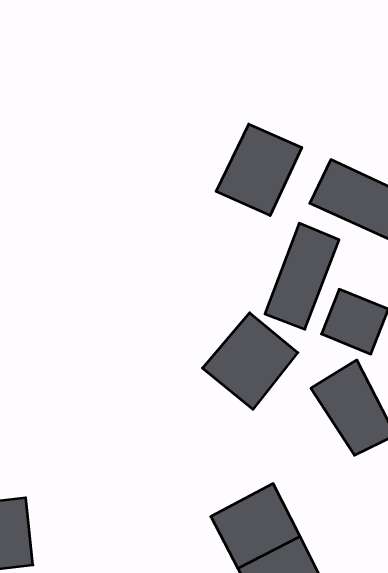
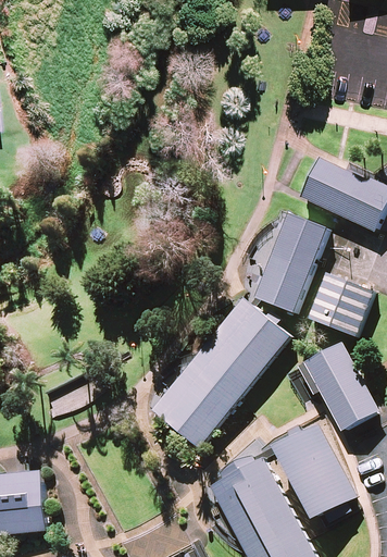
building: [216,124,302,216] -> none
building: none -> [151,348,248,447]
building: none -> [277,423,358,518]

